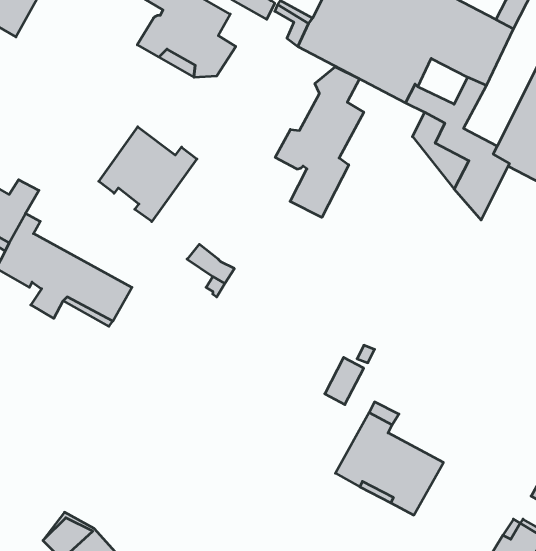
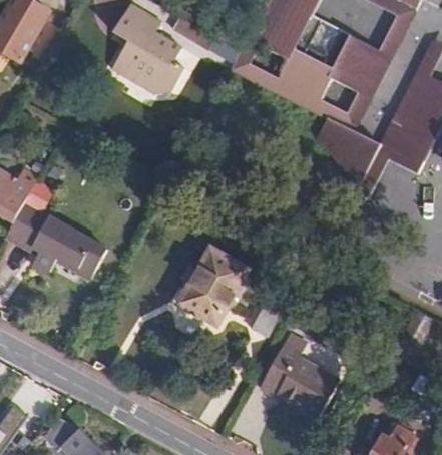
building: [275,67,364,217] -> none
building: [99,127,197,222] -> none
building: none -> [177,248,247,326]

